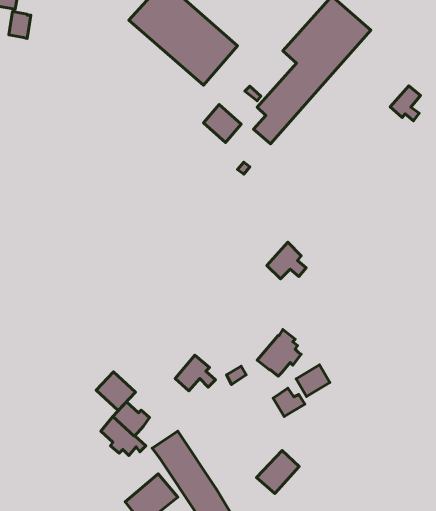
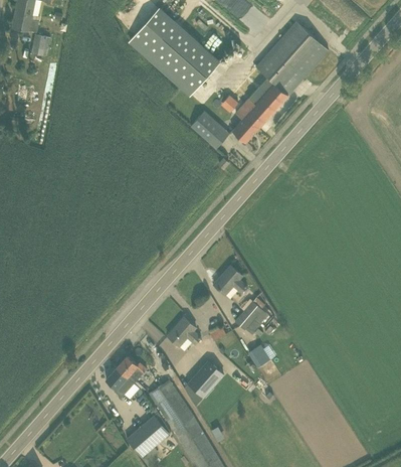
building: [390,86,421,121] -> none
building: [267,242,306,279] -> [214,265,246,295]
building: [296,365,330,397] -> none
building: [96,372,135,410] -> none
building: [256,451,299,493] -> [188,361,223,397]

